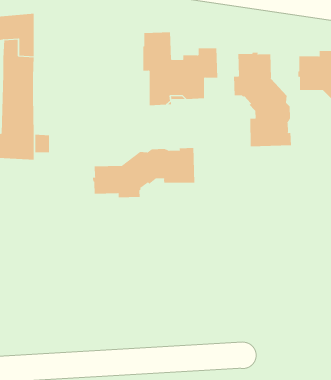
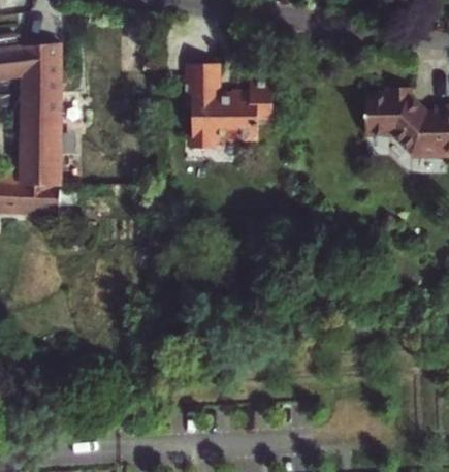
building: [233,52,291,147] -> none
building: [93,147,195,198] -> none

